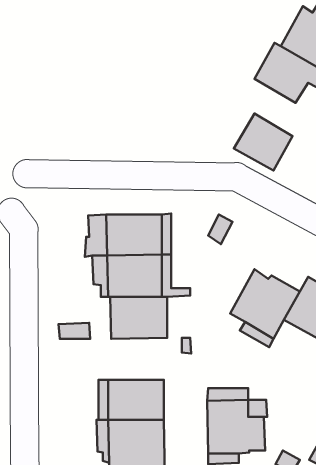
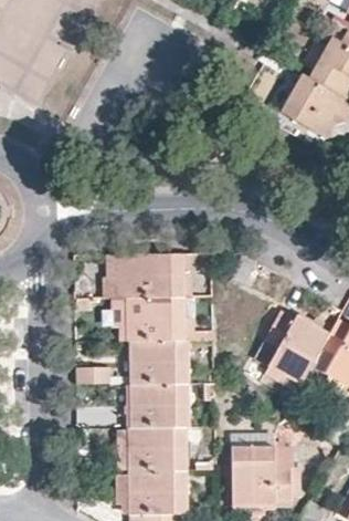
building: [234,114,293,170] -> none
building: none -> [130,383,190,427]

